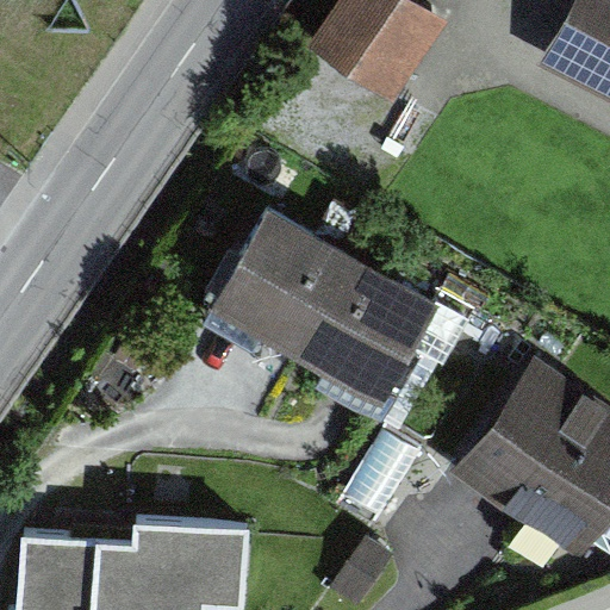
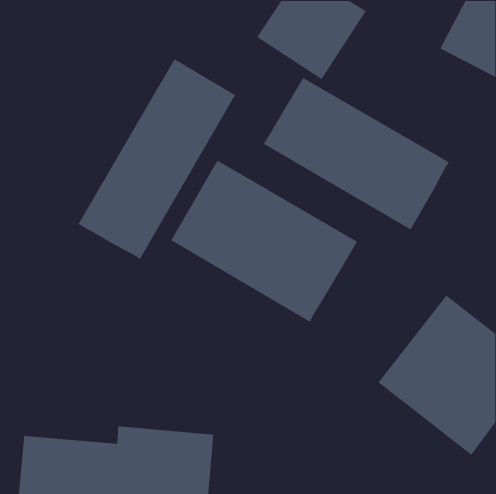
building: none -> [77,58,236,260]
building: none -> [263,77,450,230]

